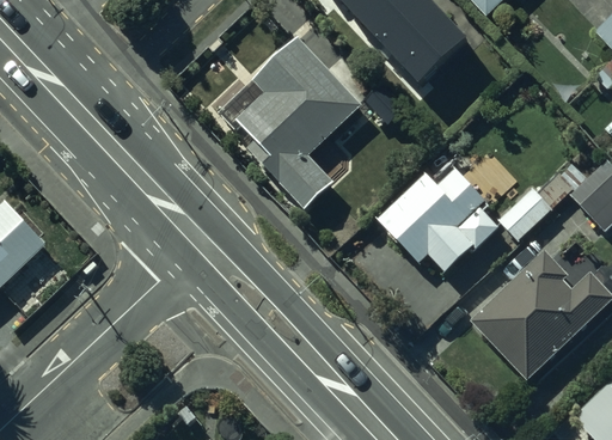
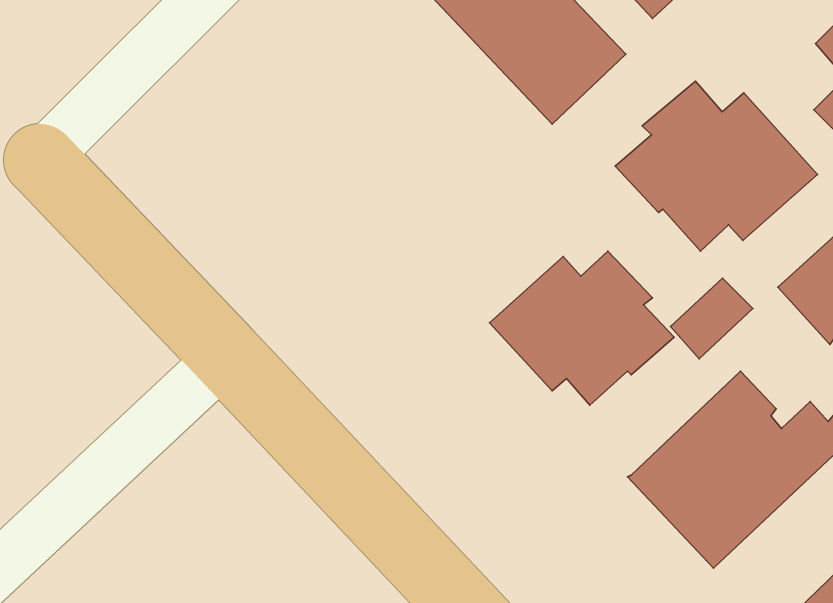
building: [210,37,377,208] -> none
building: none -> [615,81,817,251]

